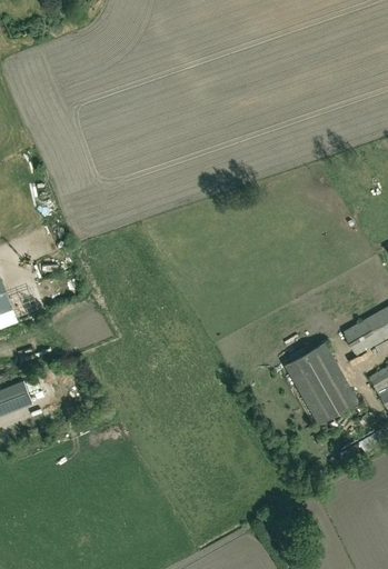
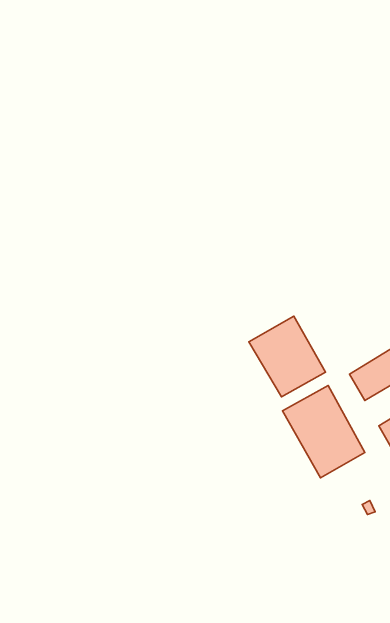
building: none -> [249,316,326,397]

